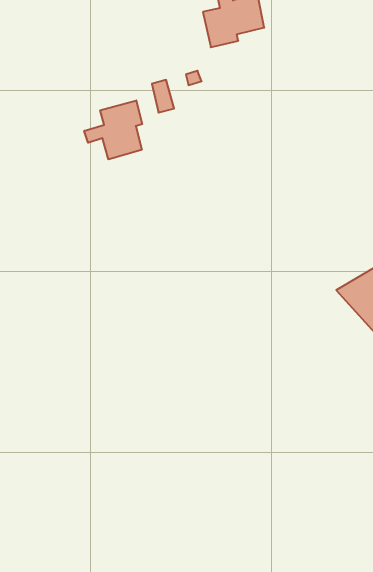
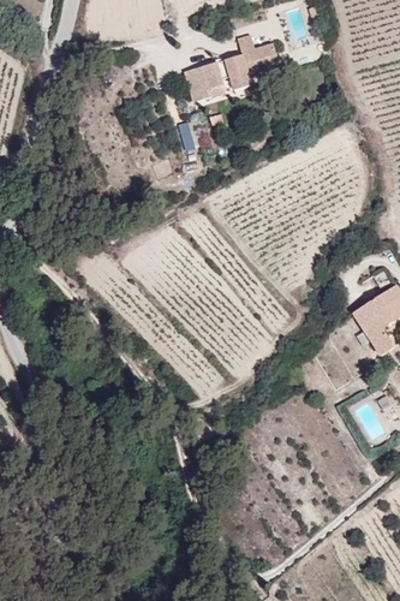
building: none -> [183,61,225,101]
building: [84,100,142,159] -> none

